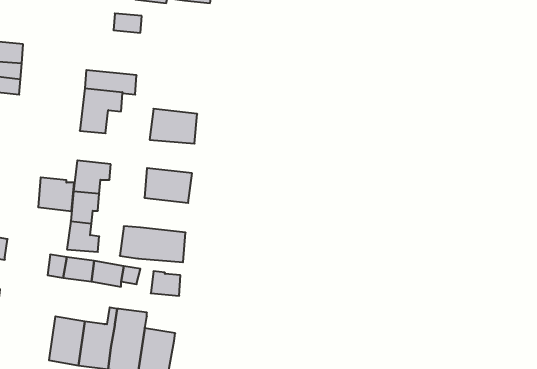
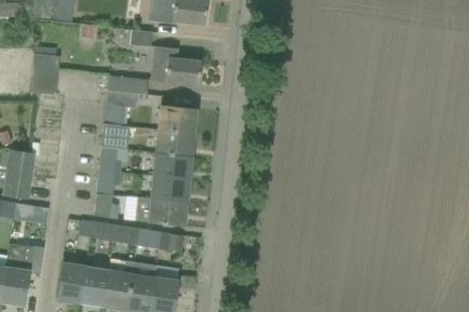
building: none -> [153,46,200,85]
building: none -> [156,129,193,155]
building: [38,177,74,211] -> [101,122,130,148]
building: none -> [151,175,188,202]
building: none -> [57,264,84,301]

